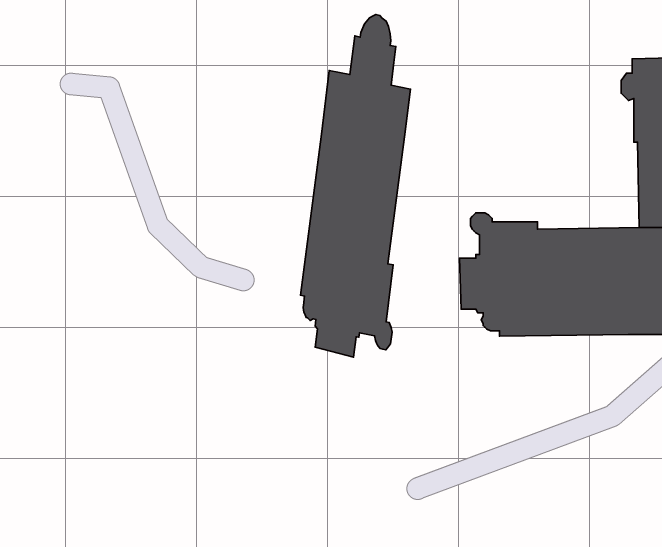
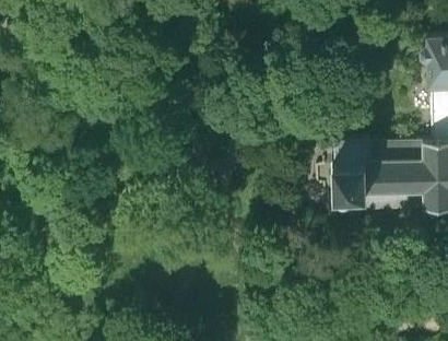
building: [300,15,410,357] -> none

